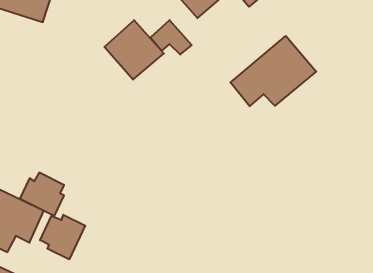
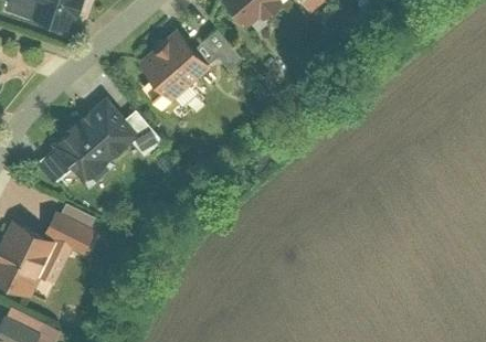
building: [230,36,316,106] -> none
building: none -> [38,98,161,183]
building: [40,215,85,259] -> none

